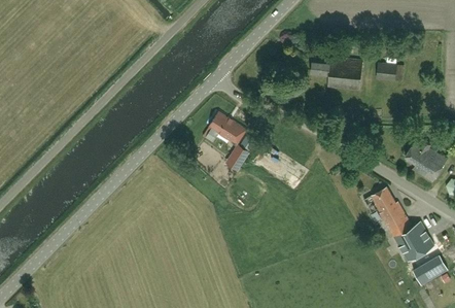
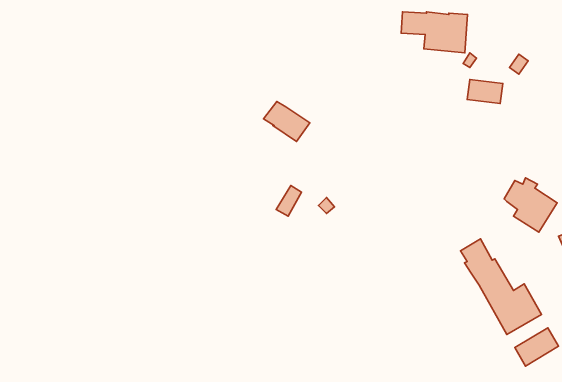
building: [310,58,361,90] -> [401,12,468,53]
building: [210,113,246,144] -> [263,102,310,141]

